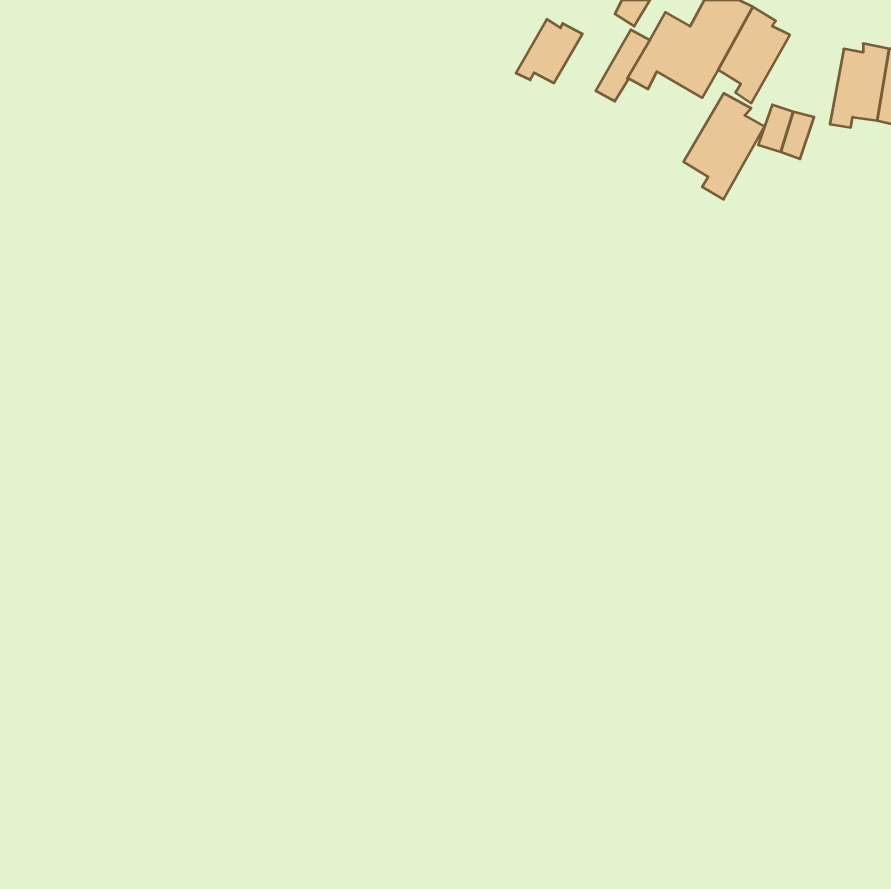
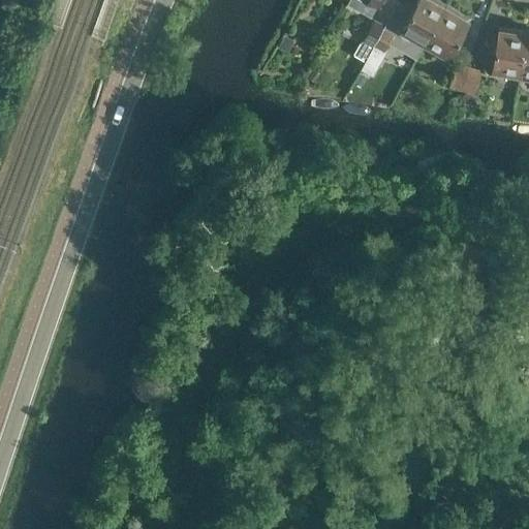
building: [516,19,582,83] -> none
building: [684,93,765,199] -> none

